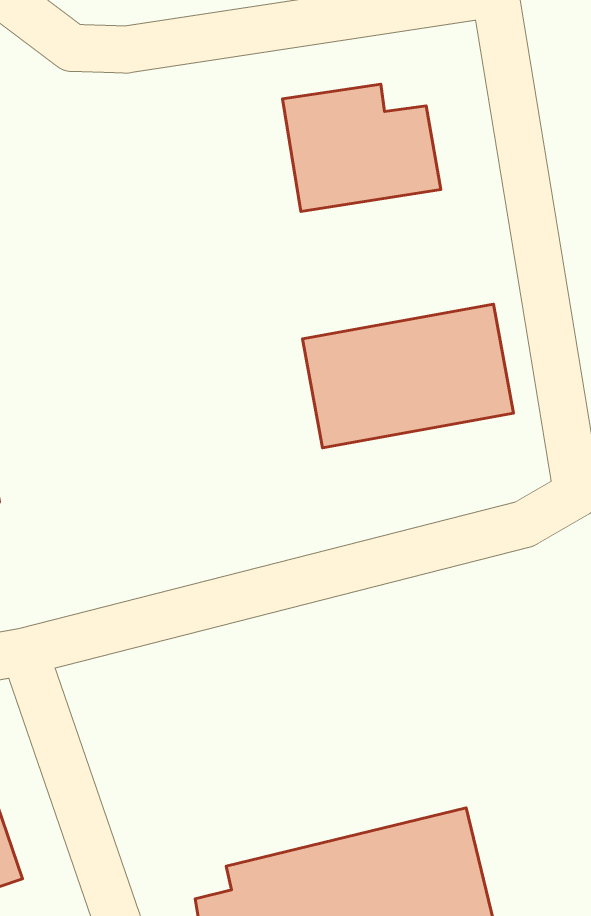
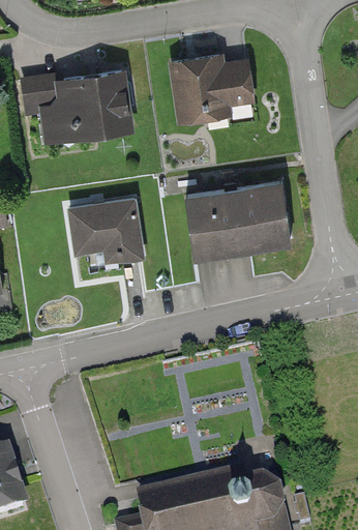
building: none -> [22,69,133,141]
building: none -> [72,196,146,262]

